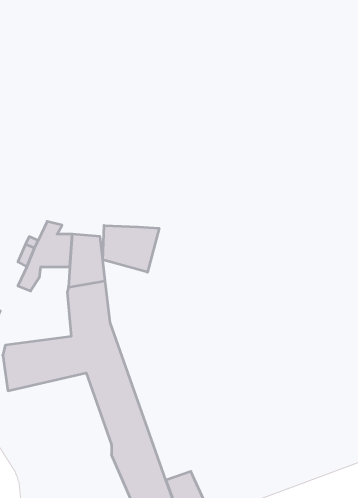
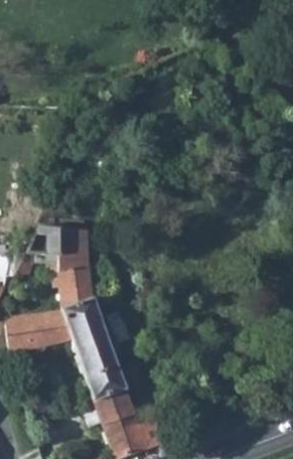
building: [103,225,159,272] -> none

